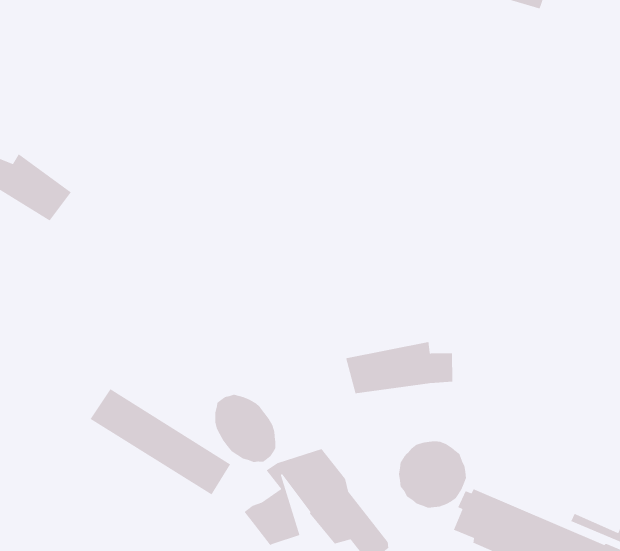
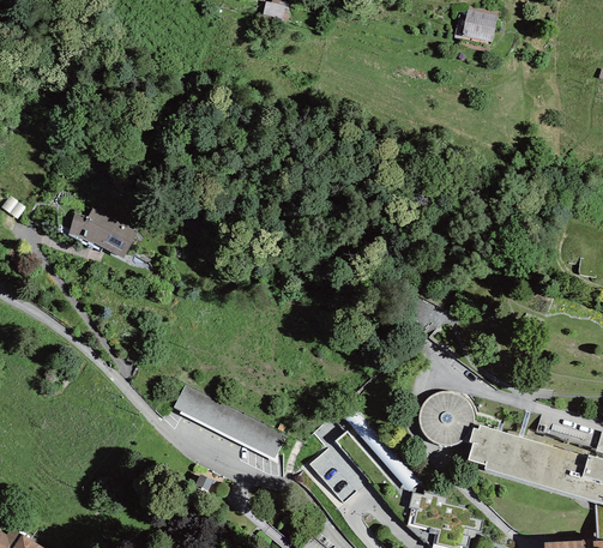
building: [345,341,453,394] -> none
building: [214,394,276,463] -> none

